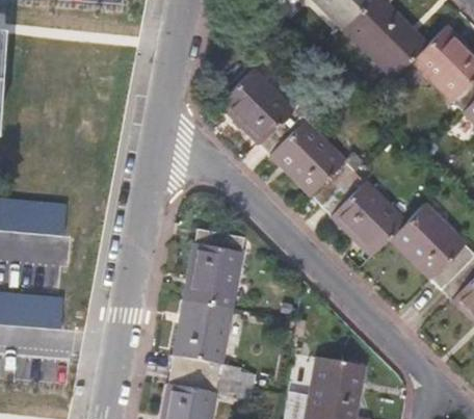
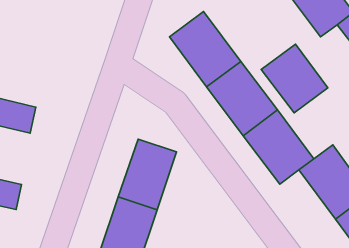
building: none -> [261,44,328,113]

